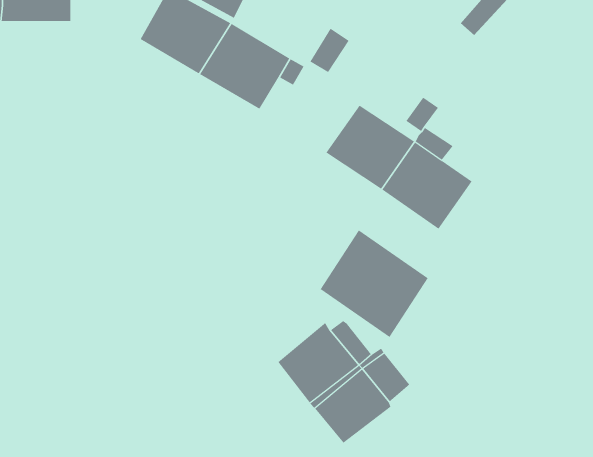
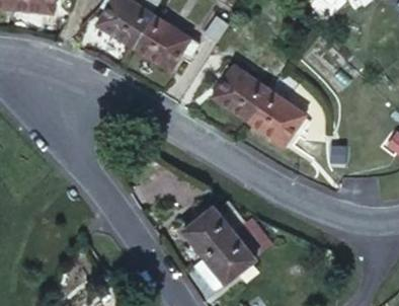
building: [320,230,428,338] -> none

